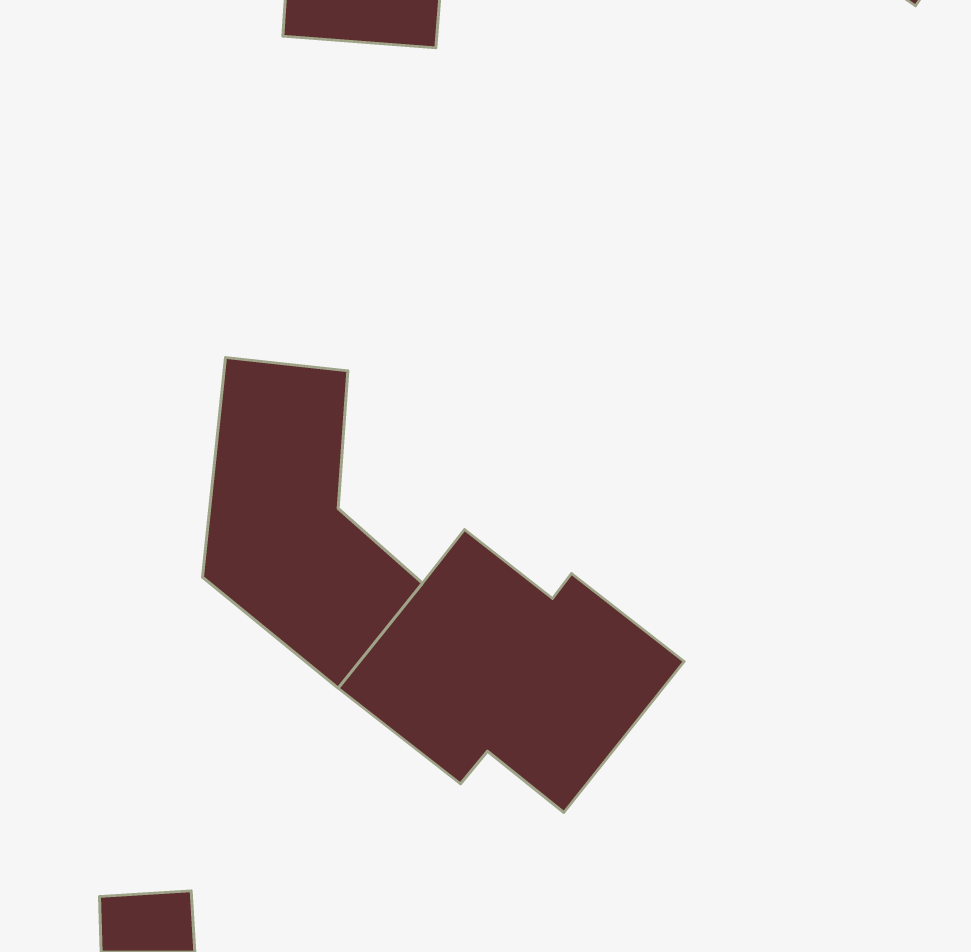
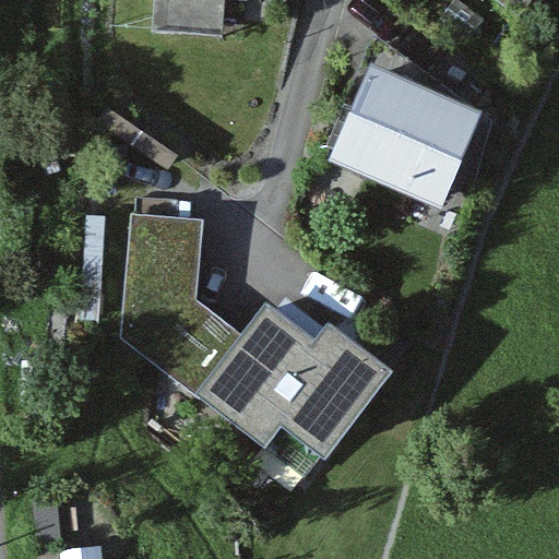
building: none -> [321,59,484,209]

